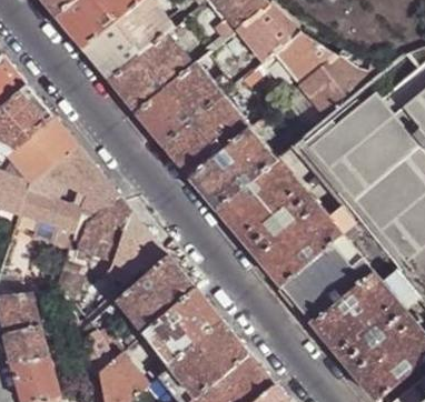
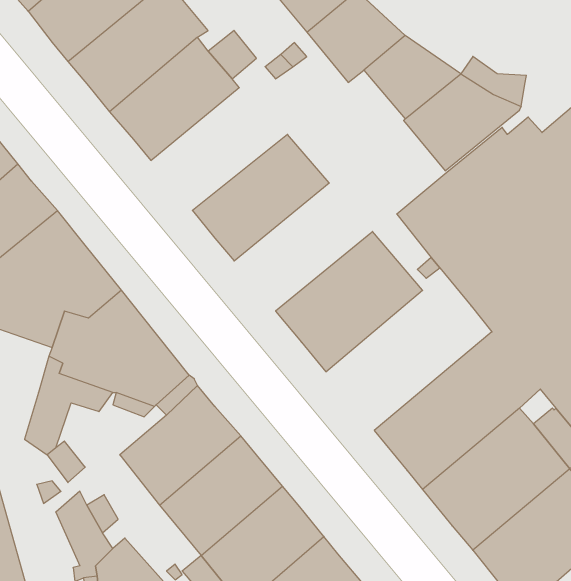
building: [137,62,225,144] -> none
building: [190,127,278,209] -> none
building: [249,195,356,285] -> none

